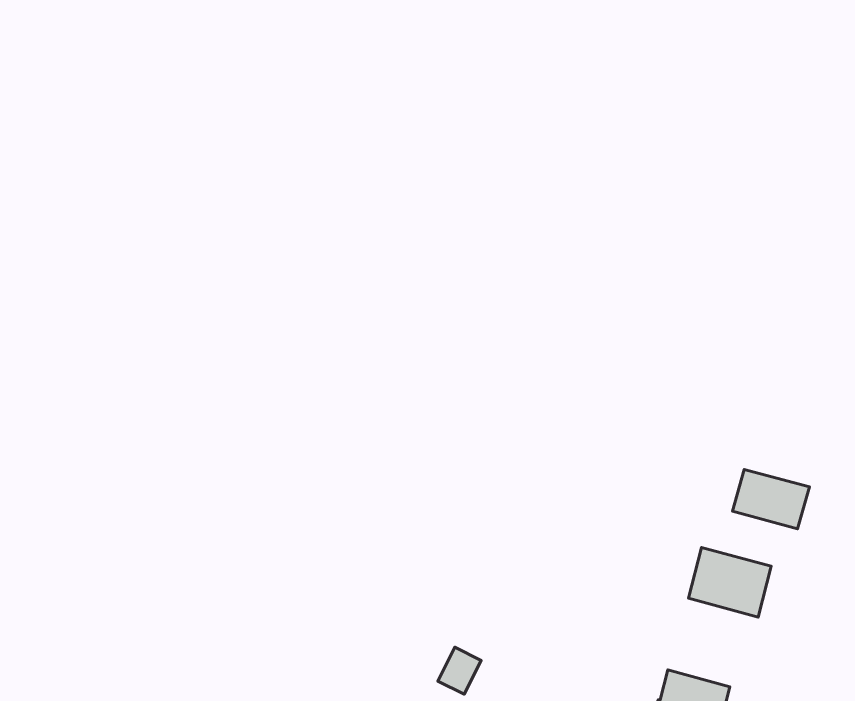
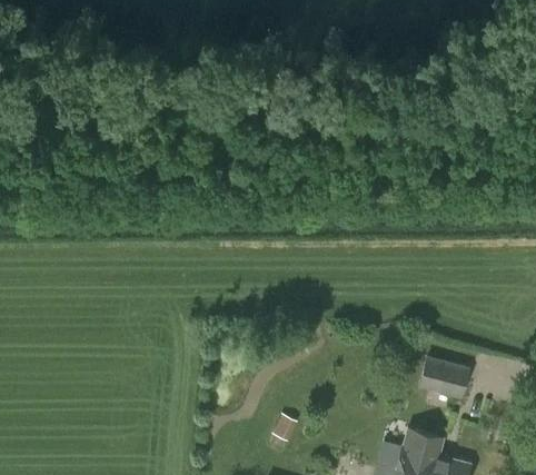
building: [732,469,810,529] -> none

